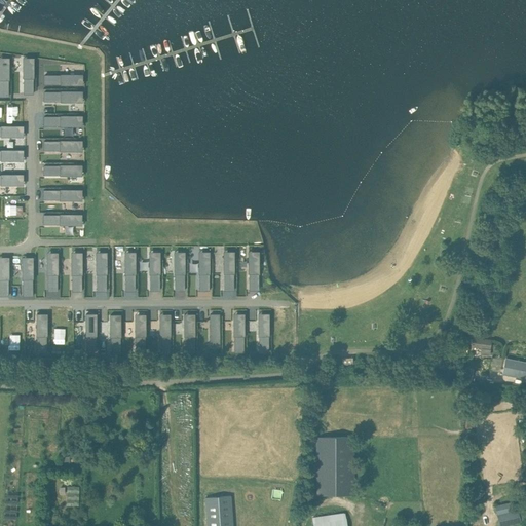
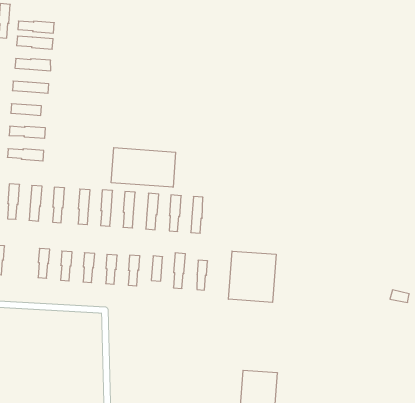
building: none -> [111,148,176,187]
building: none -> [228,251,276,302]

